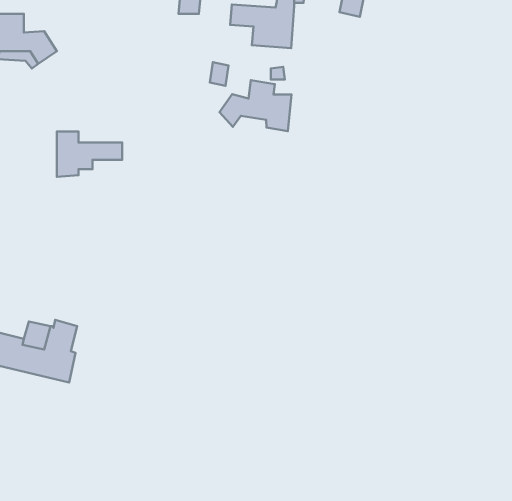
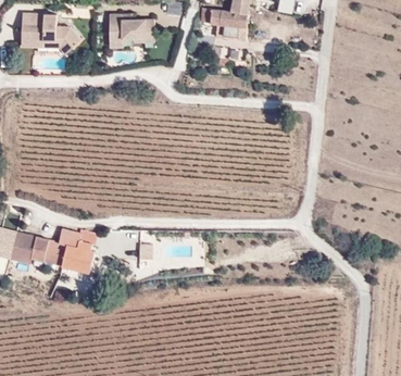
building: [219,80,292,131] -> none
building: [57,132,122,177] -> [111,18,156,50]

